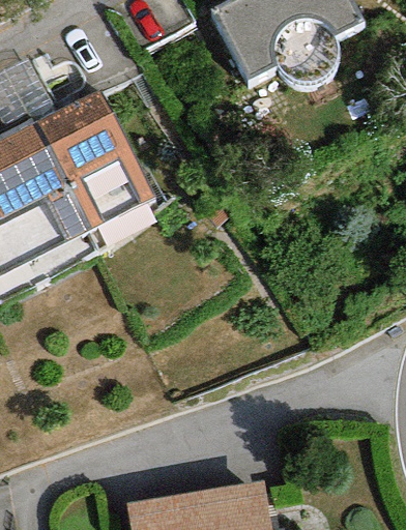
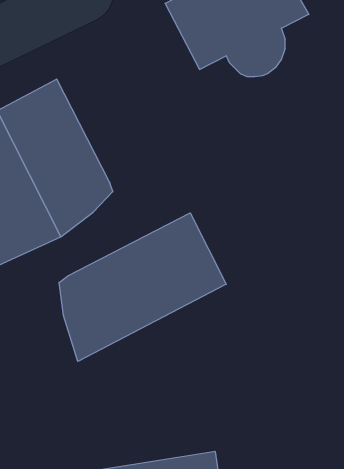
building: none -> [59,213,226,361]

